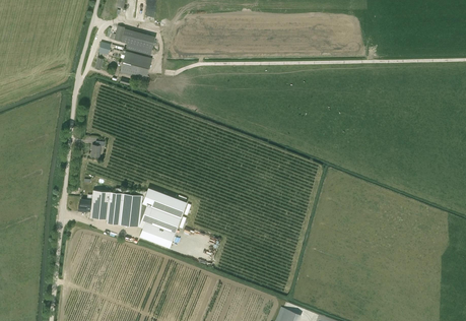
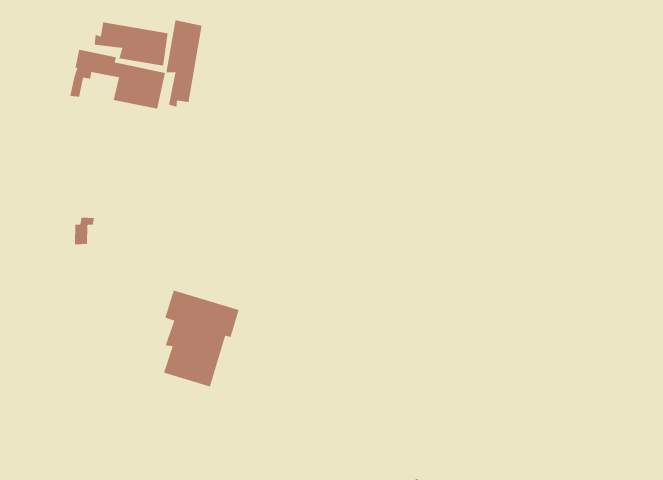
building: none -> [166,20,202,108]
building: [78,191,143,228] -> none

